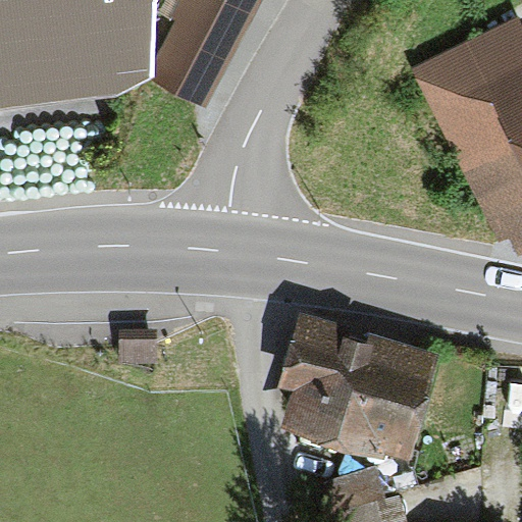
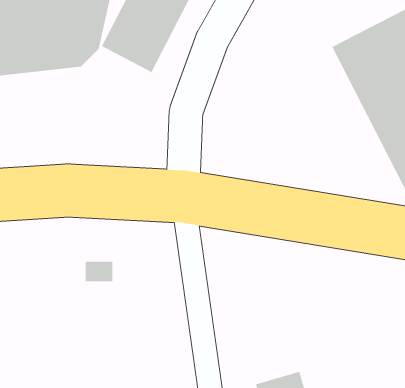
building: [280,318,434,434] -> none

